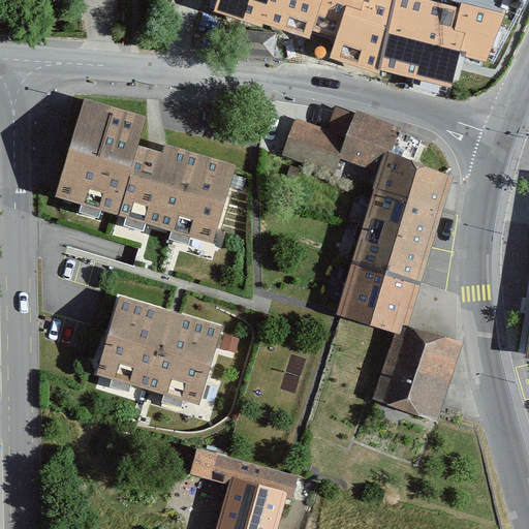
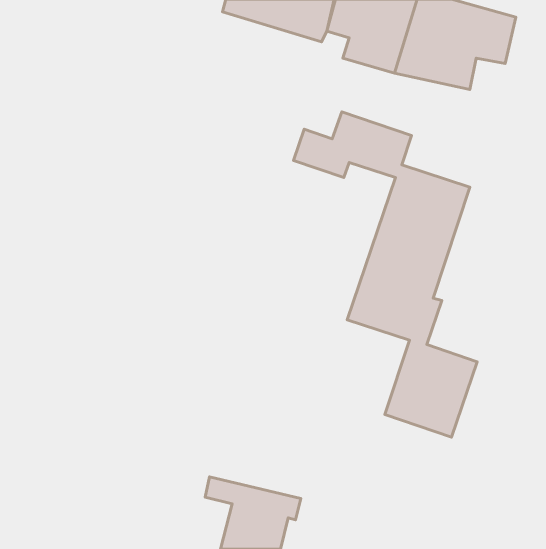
building: [56,98,237,244] -> none
building: [93,295,219,402] -> none

